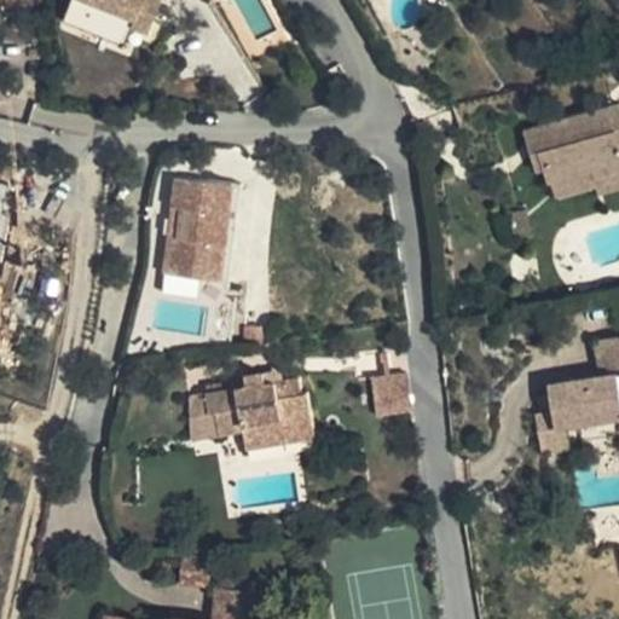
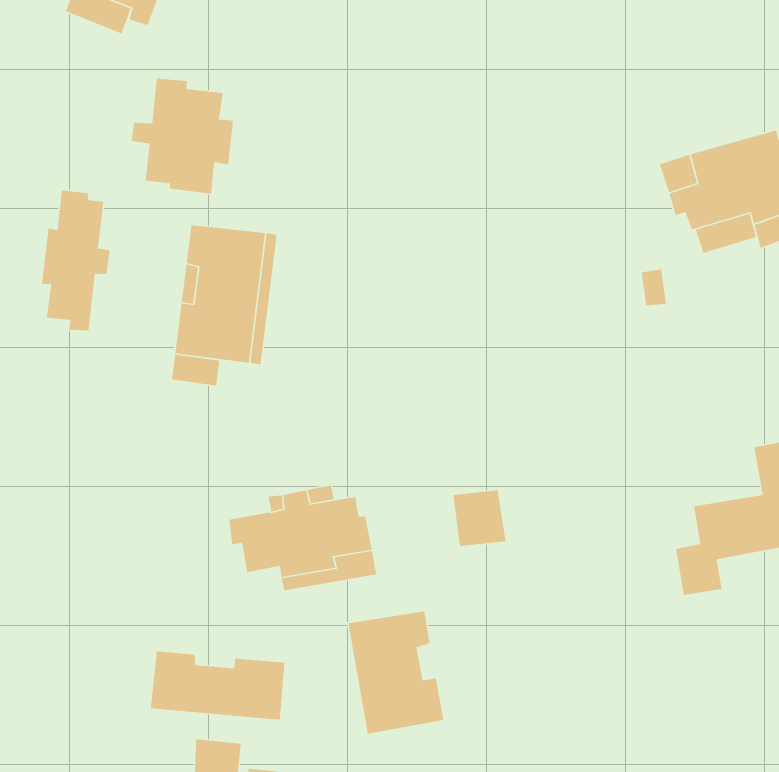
building: none -> [131,78,234,194]
building: none -> [41,190,111,331]
building: none -> [348,610,444,734]
building: none -> [150,651,285,721]

